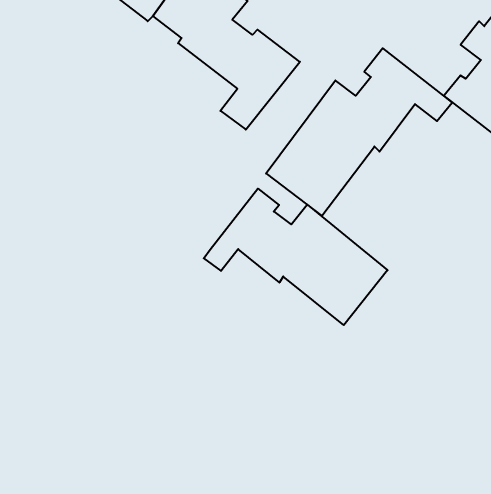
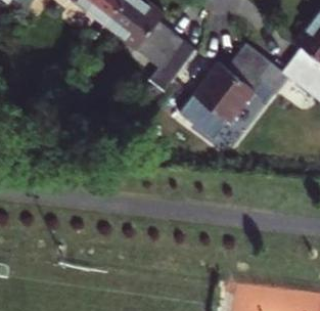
building: [204,189,388,325] -> none

